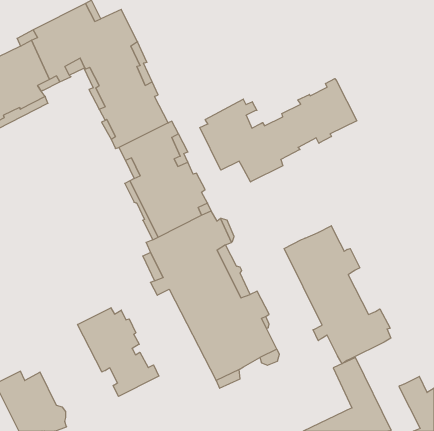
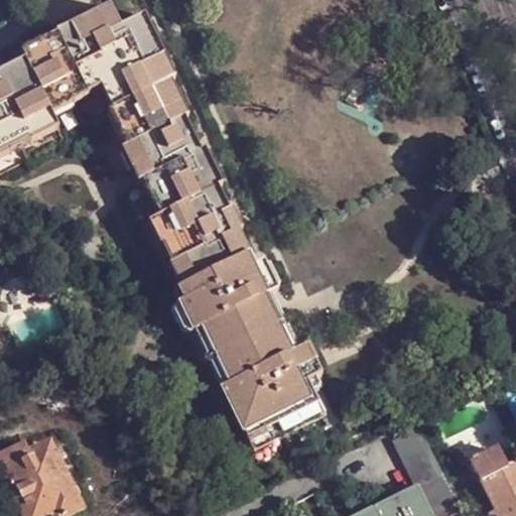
building: [200,79,357,182] -> none
building: [284,226,391,364] -> none
building: [78,308,159,396] -> none

